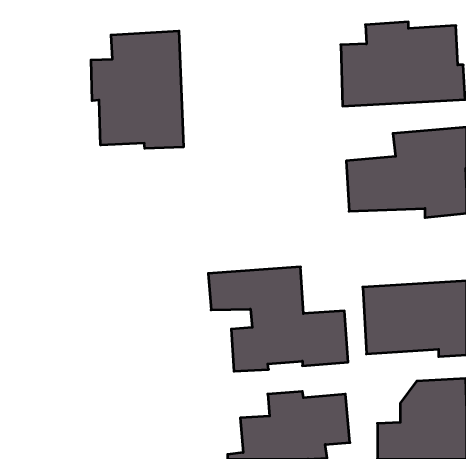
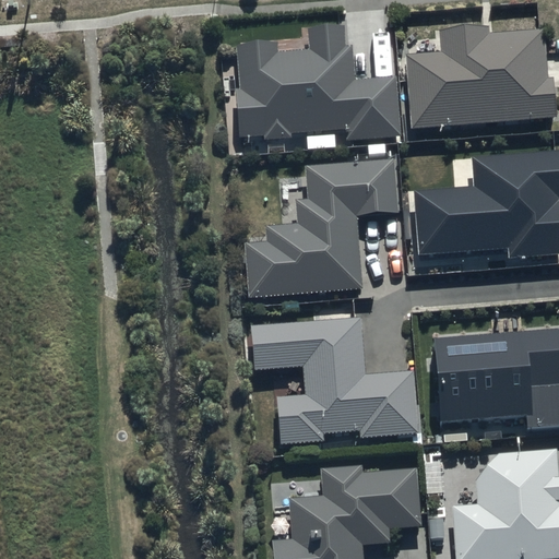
building: none -> [236,28,399,138]
building: [91,31,183,148] -> none
building: none -> [245,162,397,294]

